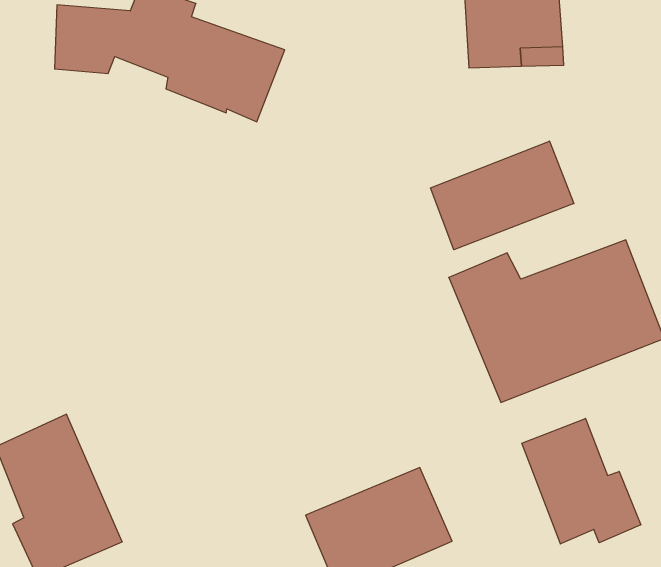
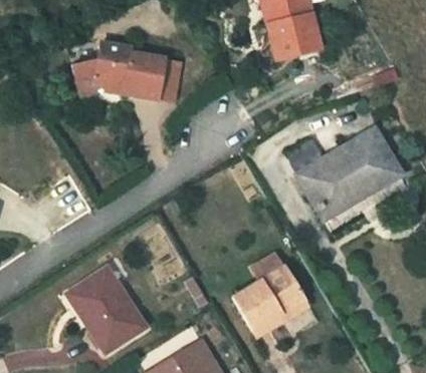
building: [431,141,574,250] -> none
building: [522,418,641,544] -> none

